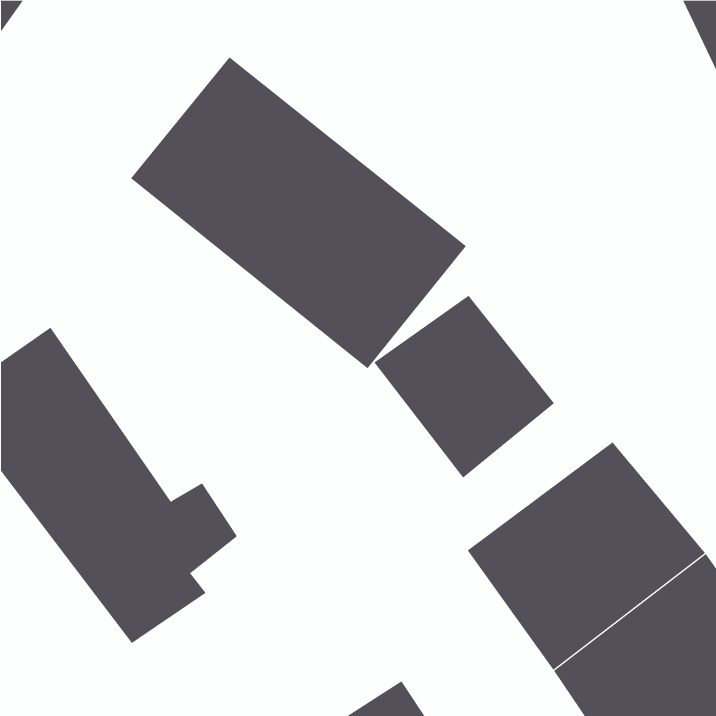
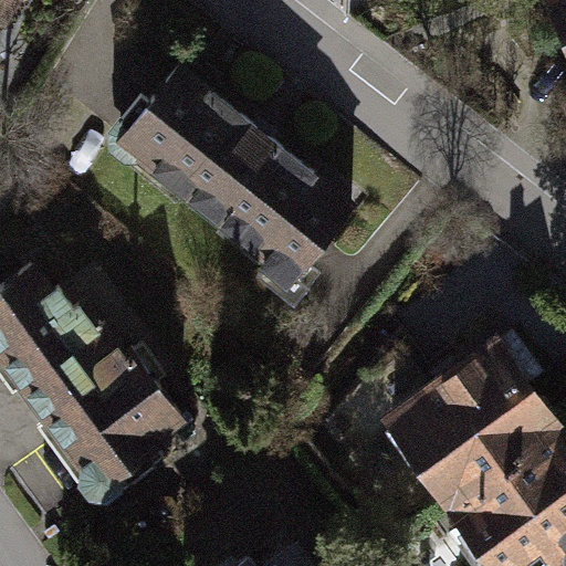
building: [374,295,555,479] -> none

